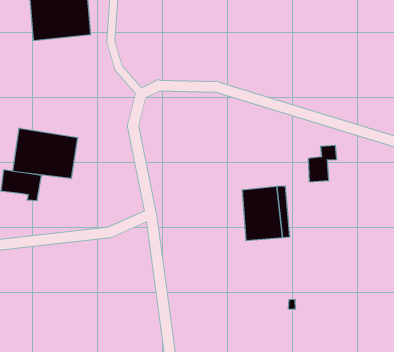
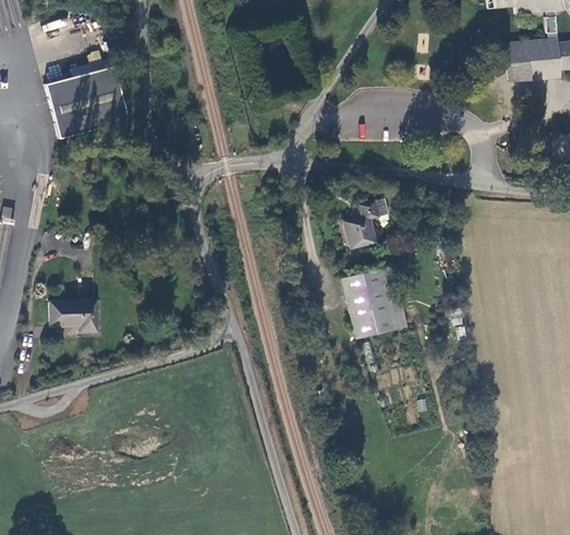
building: [13,128,77,179] -> none
building: [308,145,337,182] -> [344,197,379,246]

